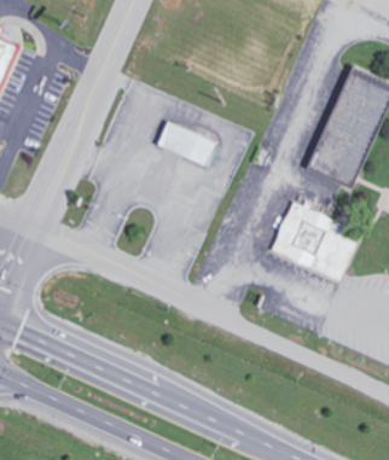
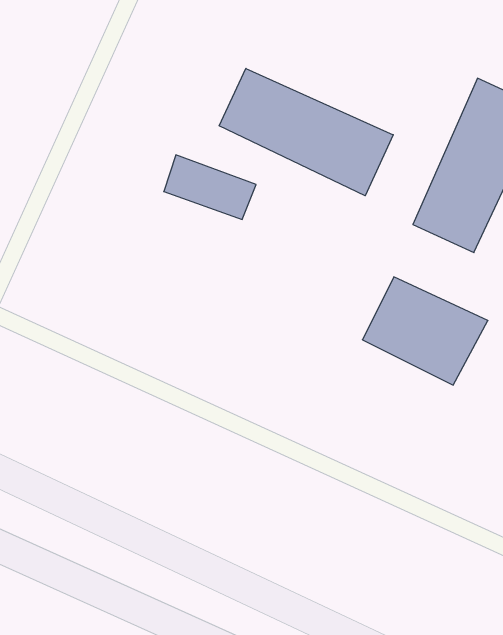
building: none -> [219,68,393,196]

